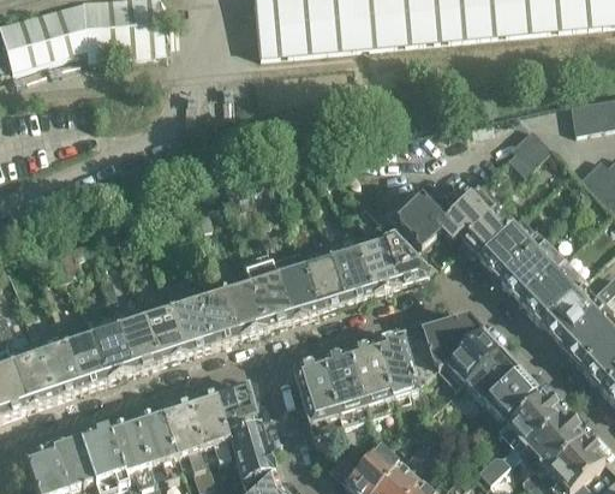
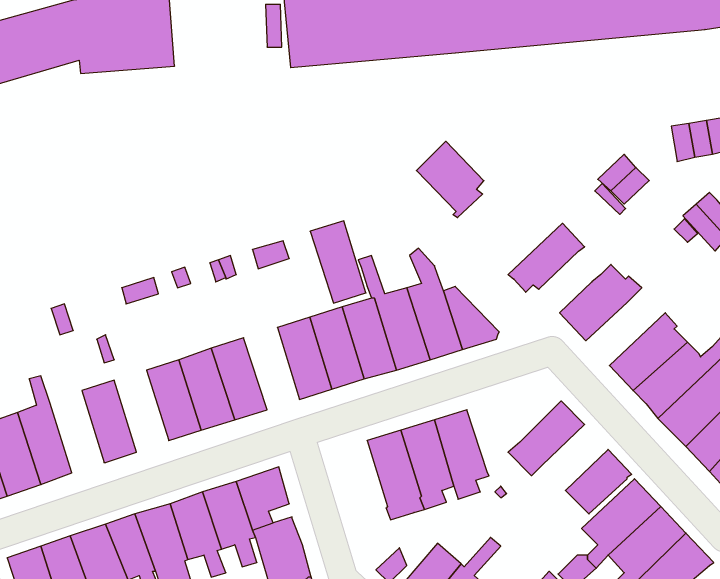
building: [388,186,443,249] -> [416,141,484,218]
building: [462,207,513,257] -> none
building: [501,237,573,300] -> none
building: [221,269,267,337] -> [310,221,366,303]
building: [115,304,160,371] -> none
building: [404,316,480,388] -> none
building: [62,321,107,388] -> none
building: [465,349,519,403] -> none
building: [293,362,341,435] -> none

